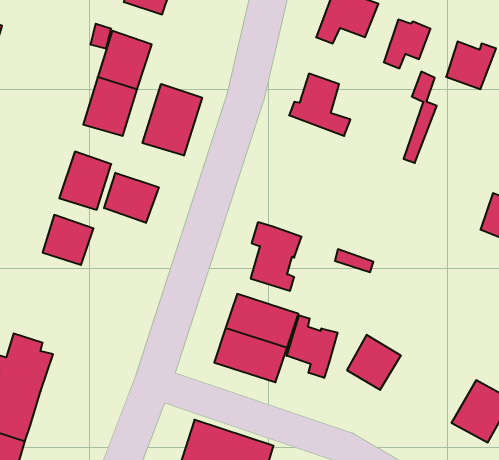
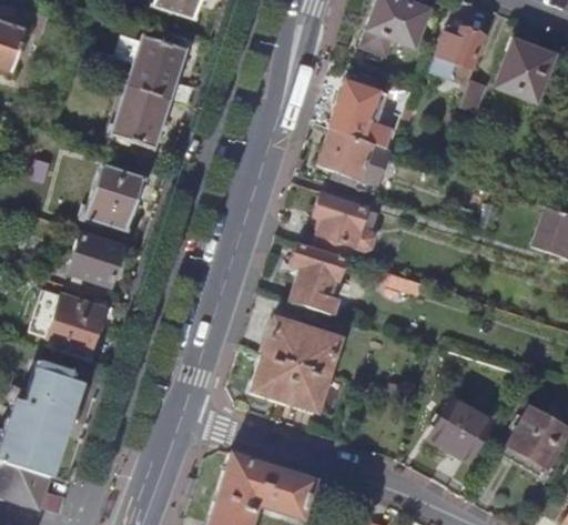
building: [142,84,202,156] -> none
building: none -> [320,127,390,191]
building: [104,173,159,223] -> none
building: none -> [314,195,377,259]
building: none -> [32,290,104,351]
building: [287,315,338,378] -> none
building: [347,335,401,390] -> [434,400,491,458]

